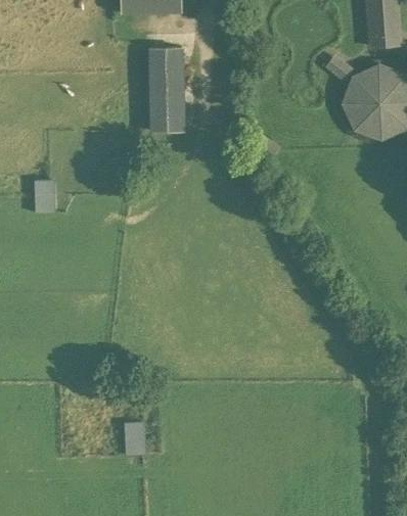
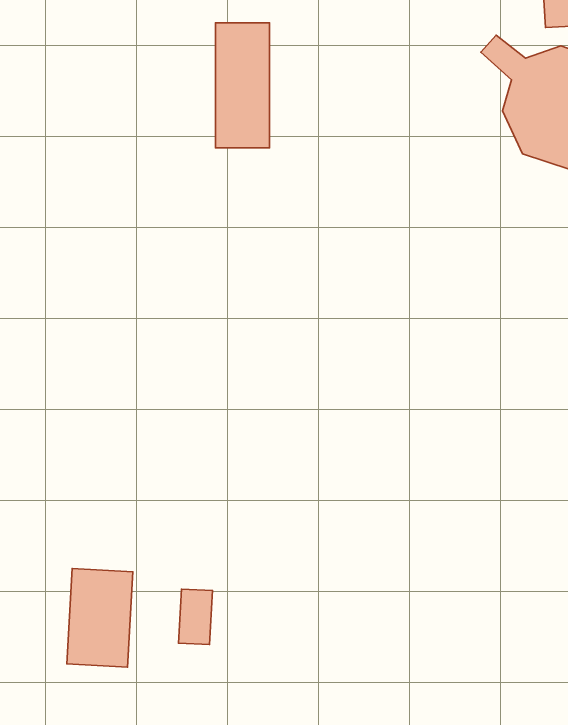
building: [34,181,56,217] -> none
building: none -> [67,568,133,667]

